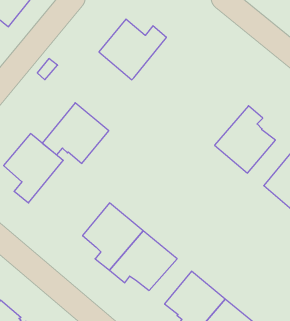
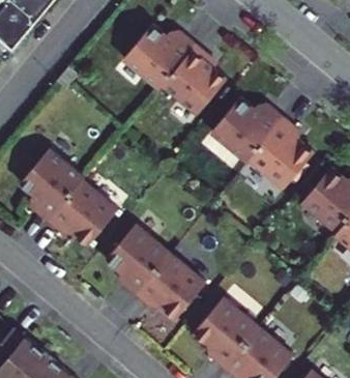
building: none -> [158,45,223,118]
building: none -> [208,98,282,163]
building: [42,103,109,163] -> [46,179,117,244]

